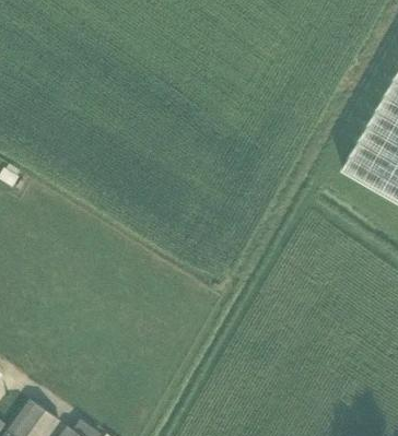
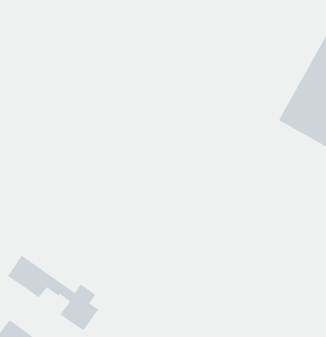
building: none -> [7,255,99,331]

